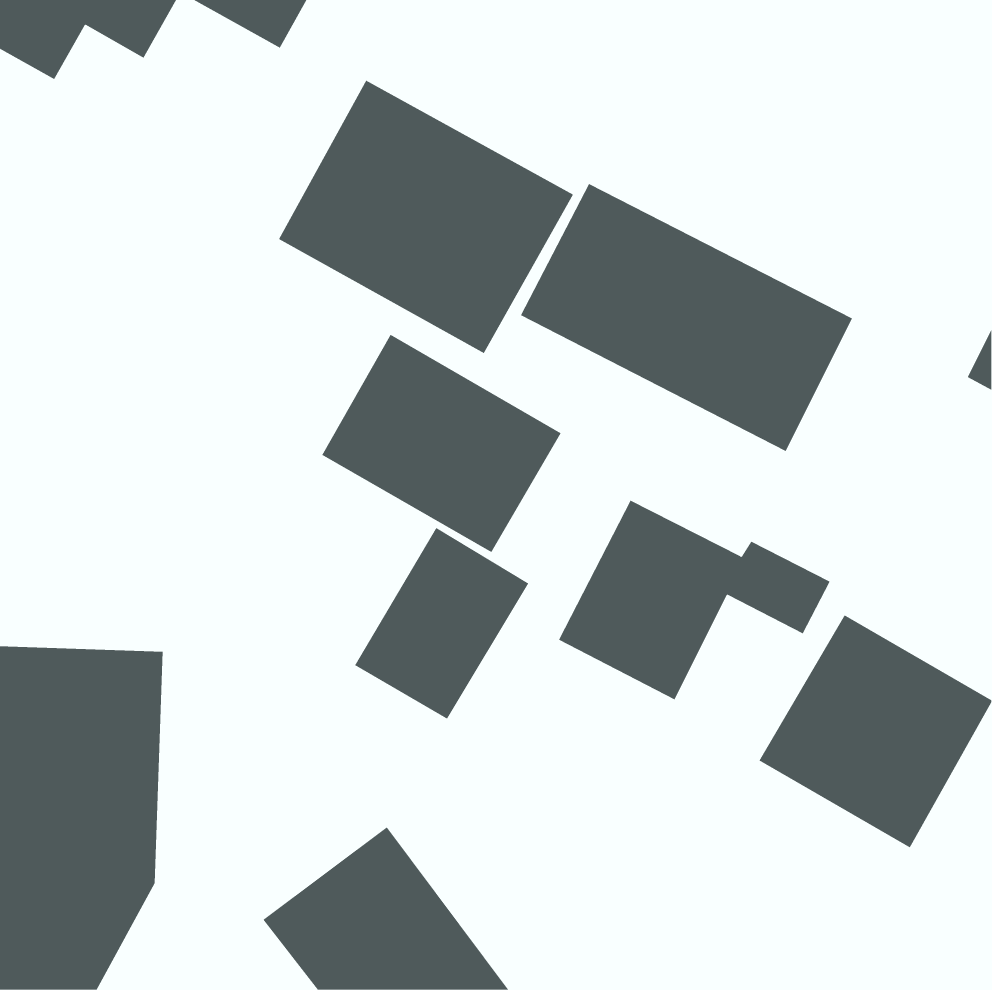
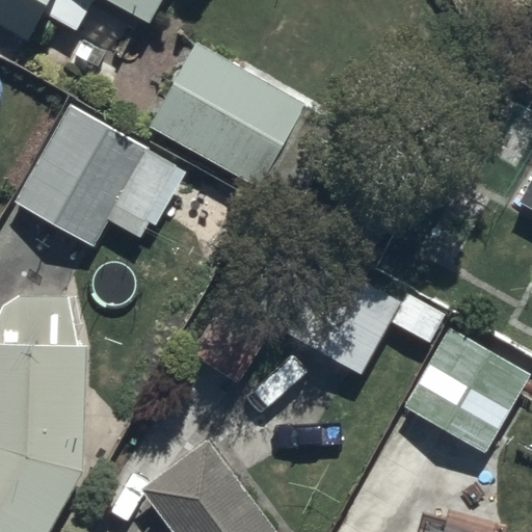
building: [520,183,853,452] -> none
building: none -> [11,103,180,247]
building: [321,334,561,553] -> none

